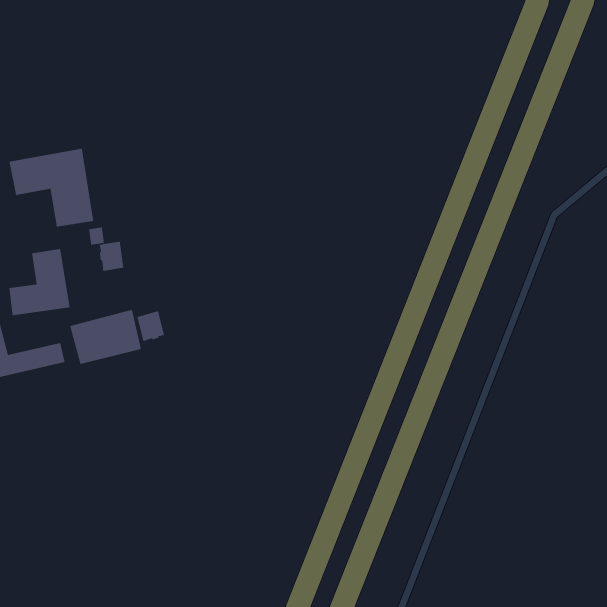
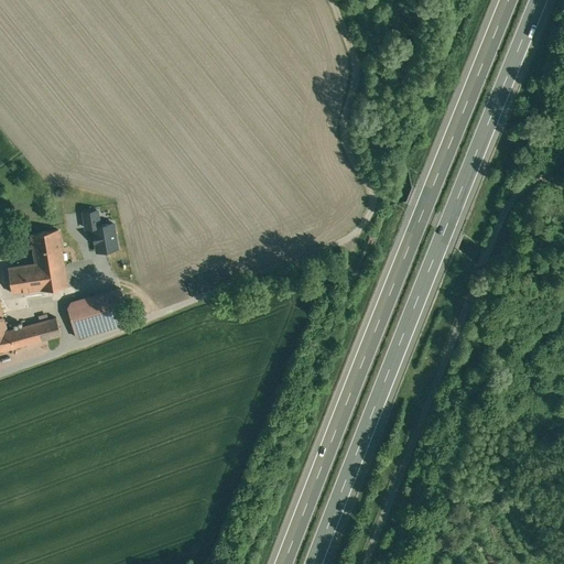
building: [9,148,94,227] -> none
building: [136,310,165,342] -> none

